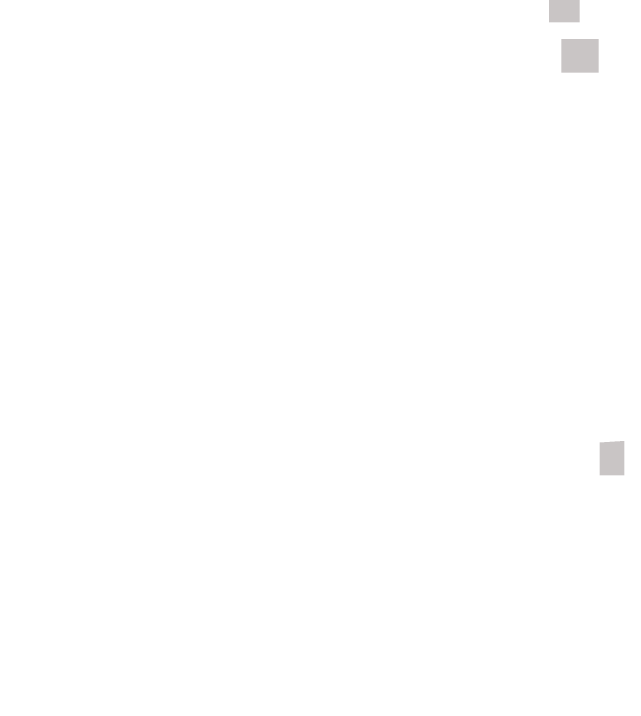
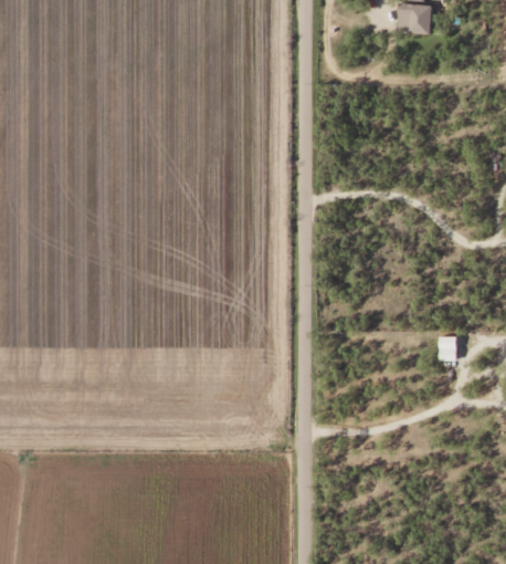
building: [561,38,599,73] -> none

